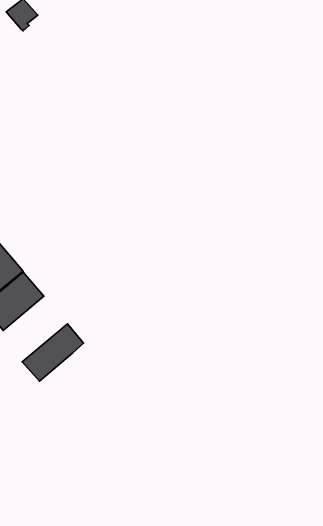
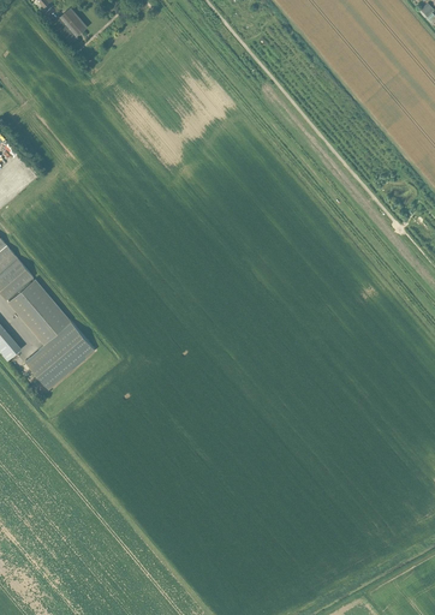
building: [22,324,84,381] -> none

